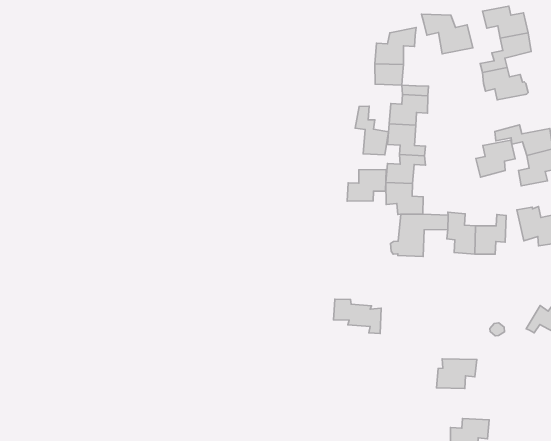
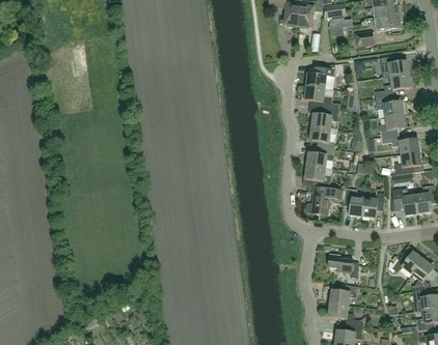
building: [421,14,473,54] -> none
building: [355,106,389,155] -> none
building: [476,140,515,177] -> [379,114,405,137]
building: [347,169,386,201] -> none
building: [333,299,381,333] -> [327,254,359,279]
building: none -> [327,303,362,326]

